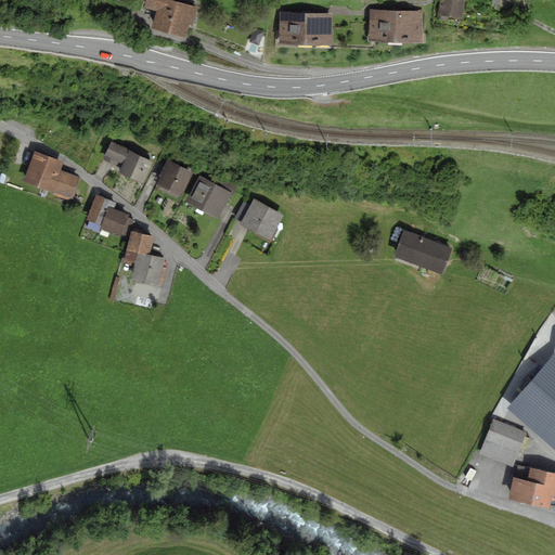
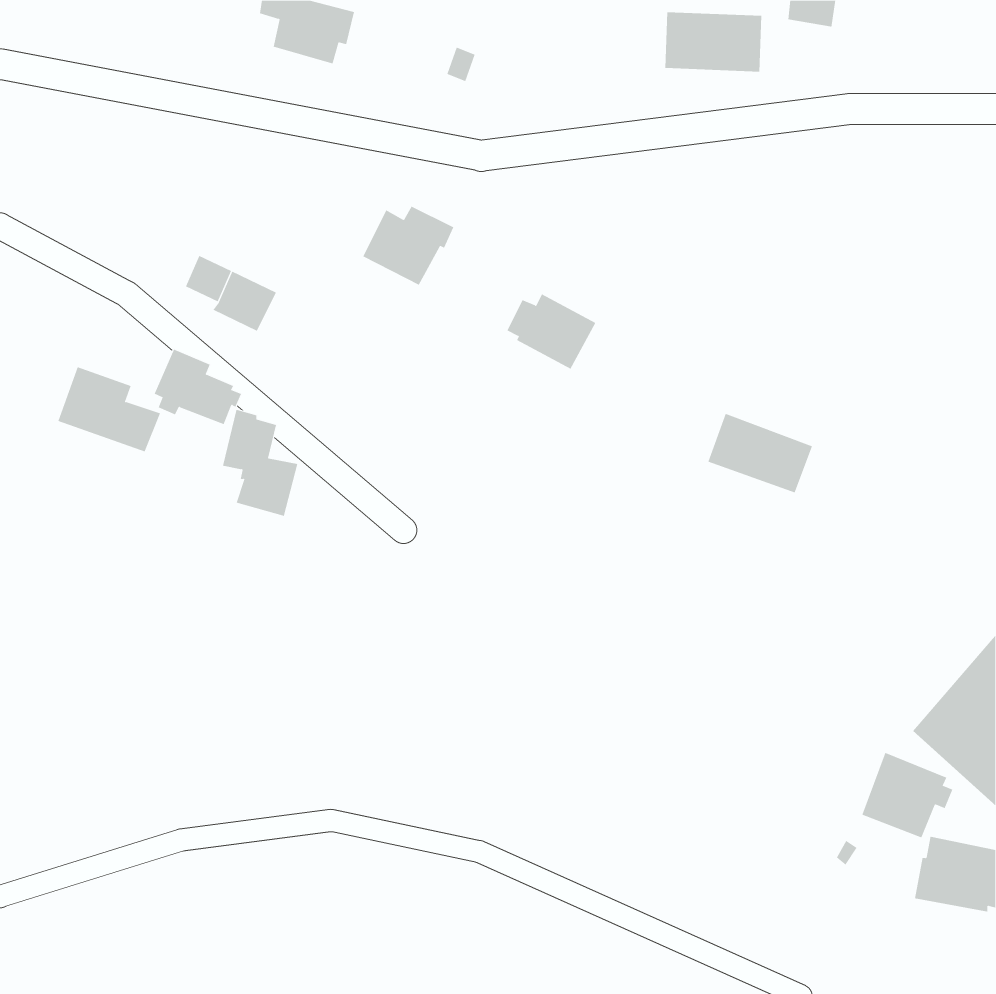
building: [280,10,333,42] -> none
building: [23,152,80,199] -> [58,366,161,452]
building: [157,160,194,199] -> none
building: [186,175,237,219] -> [363,206,454,286]
building: [234,199,284,242] -> [506,294,596,370]

